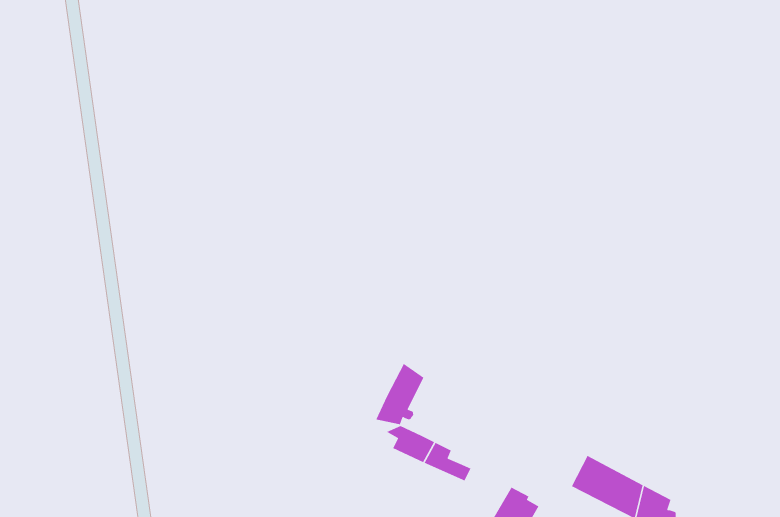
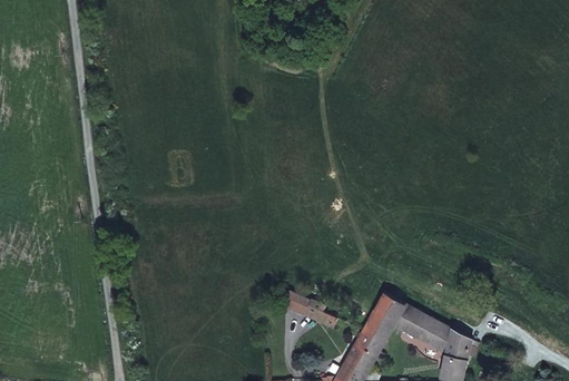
building: [375,363,425,425] -> none
building: none -> [363,293,414,343]

